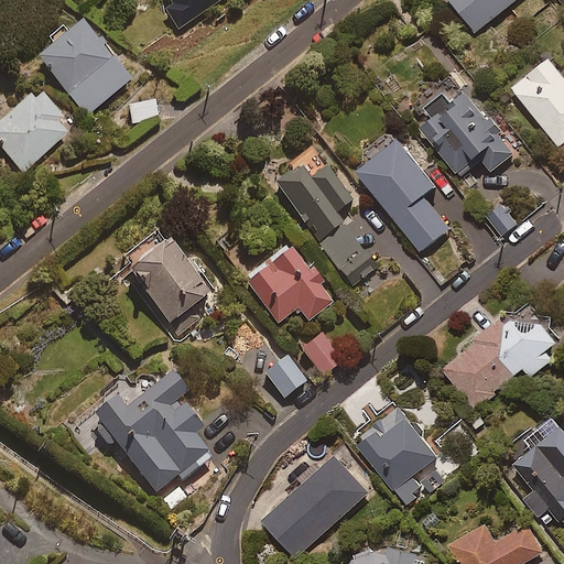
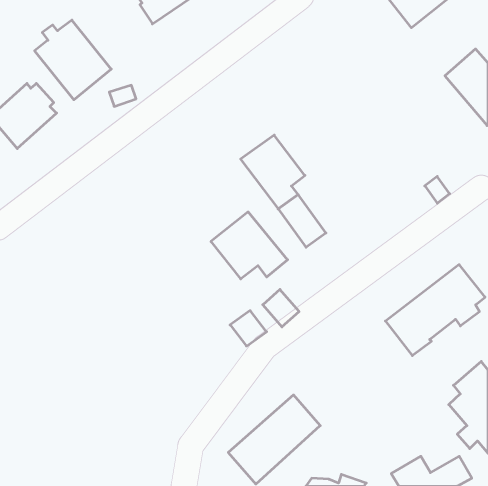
building: [422,94,513,174] -> none
building: [358,140,449,250] -> none
building: [131,246,210,334] -> none
building: [91,373,210,492] -> none
building: [359,405,441,499] -> none

